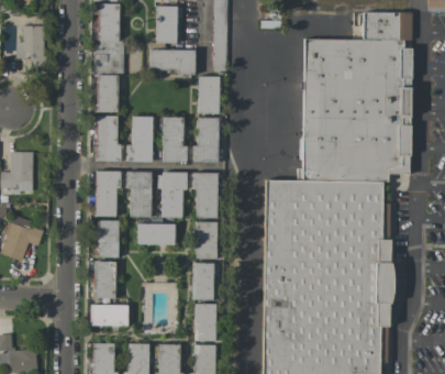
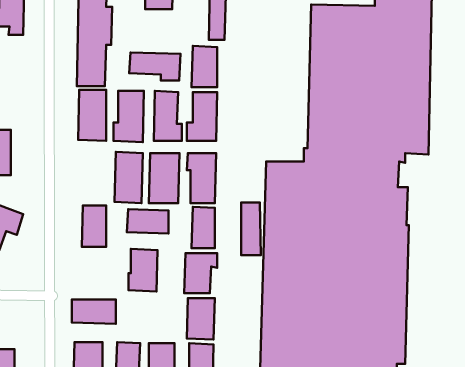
building: [149,50,196,75] -> [129,53,180,81]
building: [93,171,121,217] -> none
building: none -> [241,202,261,255]
building: [89,261,115,299] -> [128,249,158,292]

